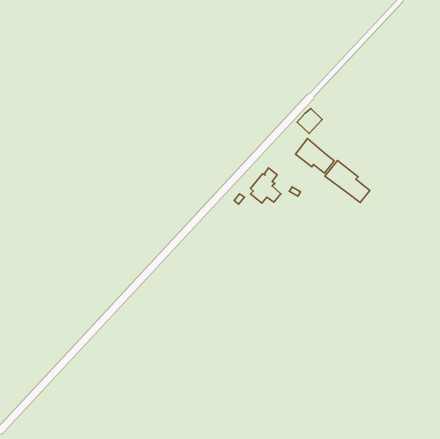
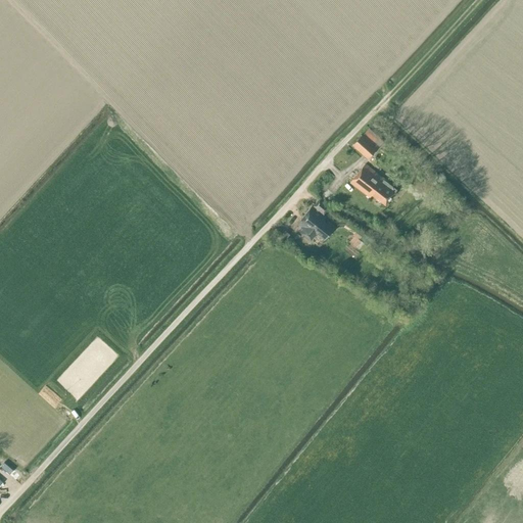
building: [325,161,370,202] -> none

